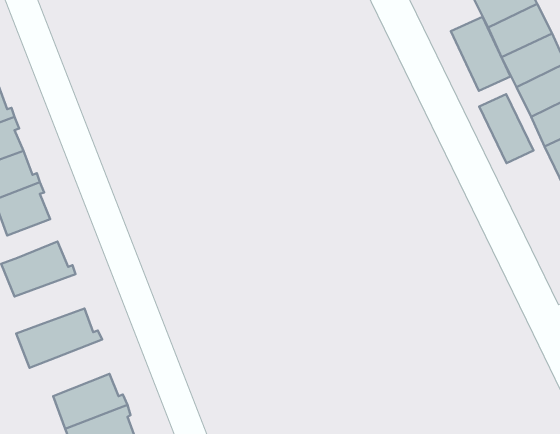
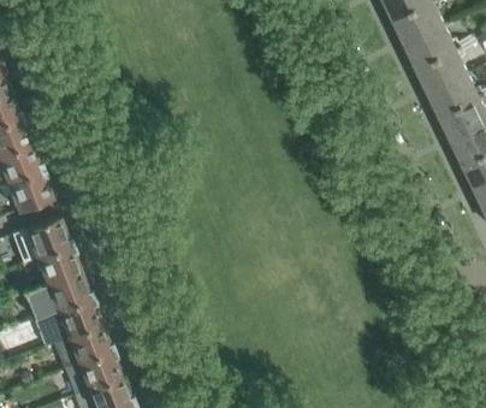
building: [451,17,511,91] -> none
building: [479,94,534,163] -> none
building: none -> [34,243,77,283]
building: none -> [32,296,97,345]

